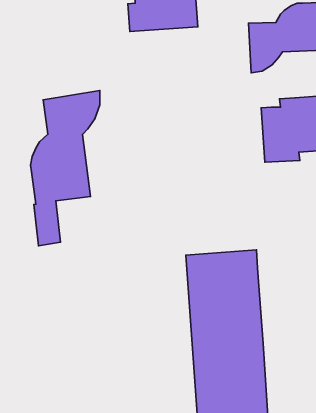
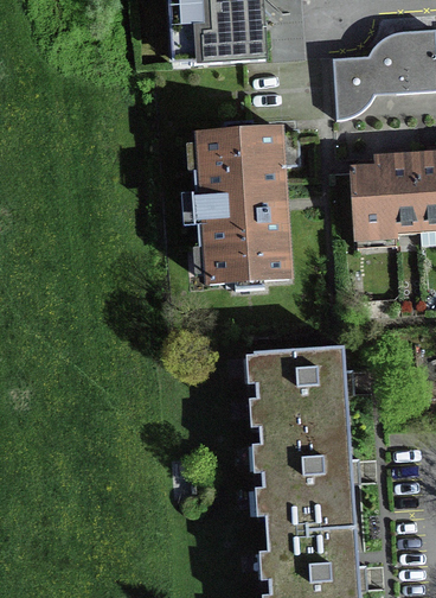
building: none -> [192,121,302,290]
building: [30,91,100,246] -> none

